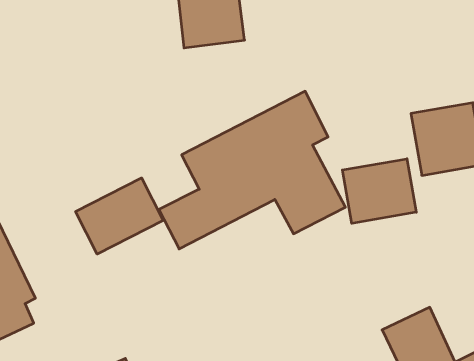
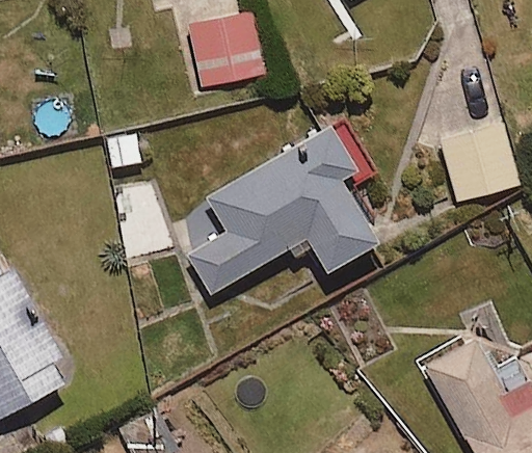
building: [342,159,416,223] -> none
building: [76,178,163,254] -> none

